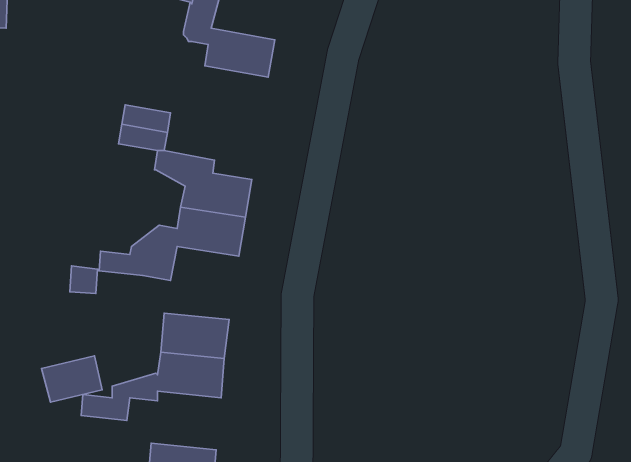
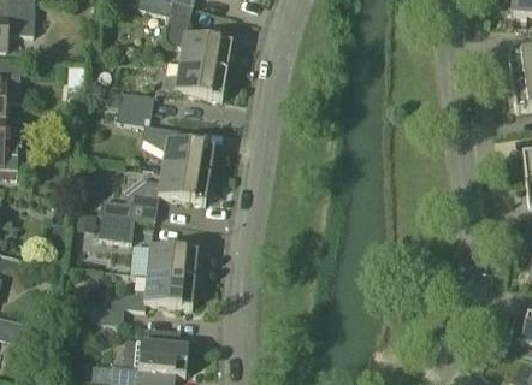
building: none -> [164,61,227,97]
building: none -> [99,213,135,241]
building: [42,356,102,402] -> none

